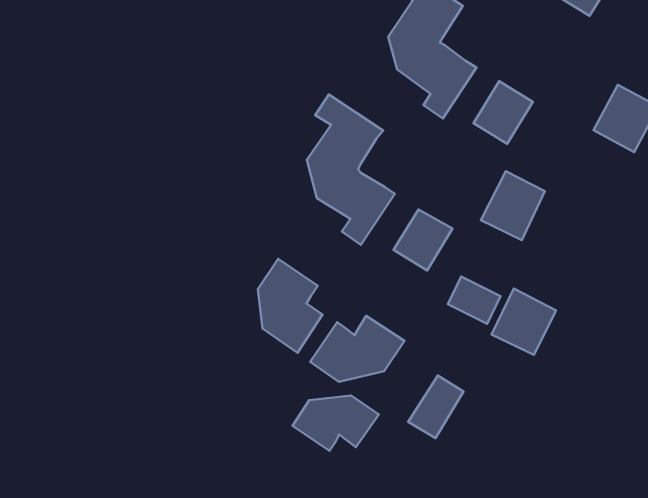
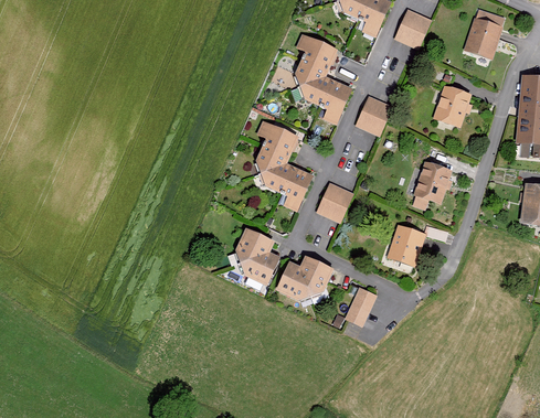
building: [481,171,545,240] -> [413,161,451,203]
building: [448,277,501,324] -> none
building: [293,395,379,451] -> none

